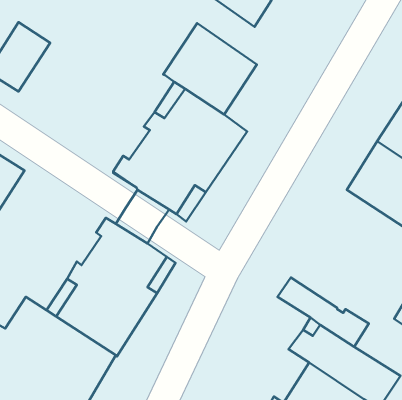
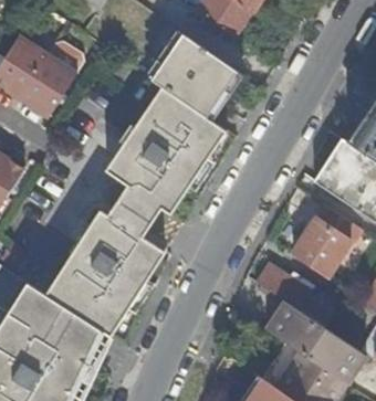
building: none -> [20,52,79,116]
building: none -> [291,220,352,279]

